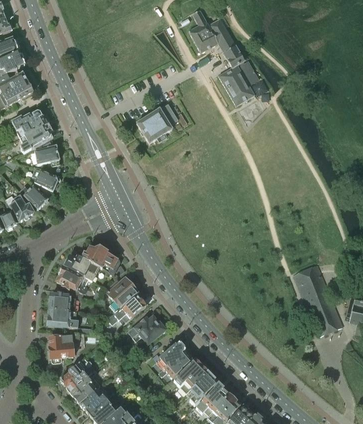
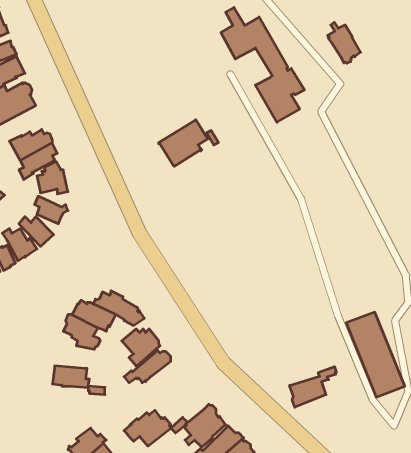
building: none -> [328,22,361,63]
building: [49,292,82,311] -> none
building: none -> [290,367,336,407]
building: [127,314,166,344] -> [124,410,171,446]
building: [49,331,79,362] -> none

